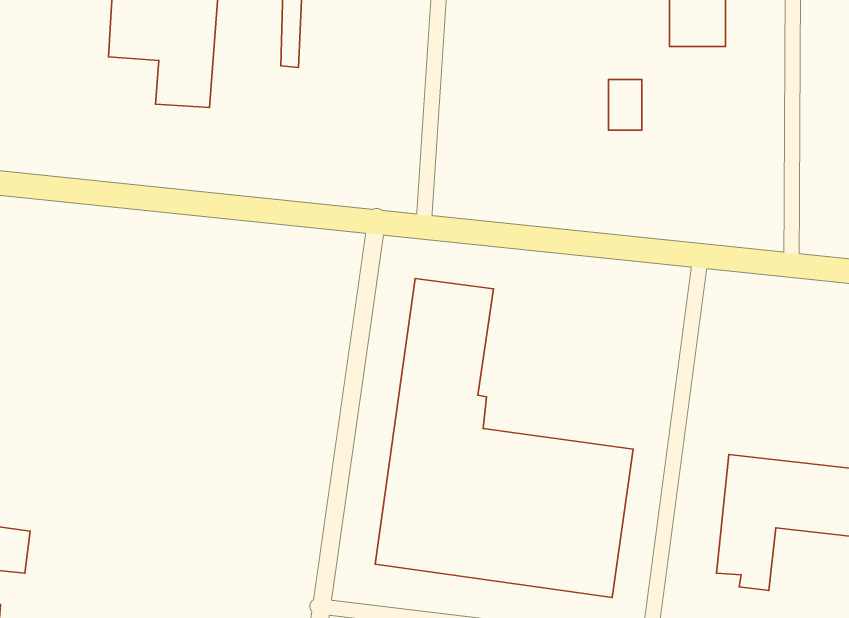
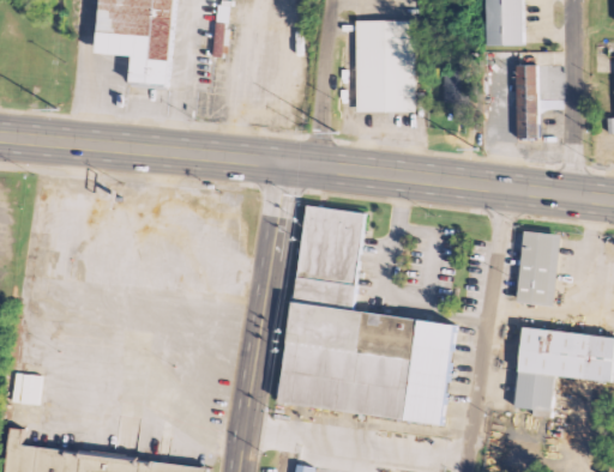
building: none -> [353,20,413,113]
building: none -> [513,65,536,139]
building: none -> [516,230,560,307]

